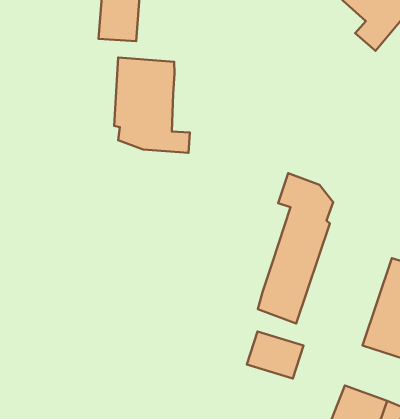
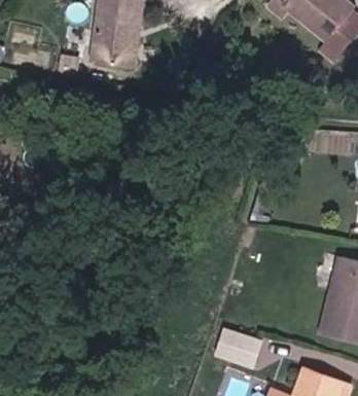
building: [114,58,190,153] -> none
building: [258,173,333,323] -> none

